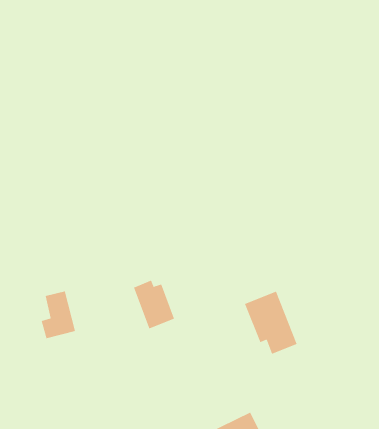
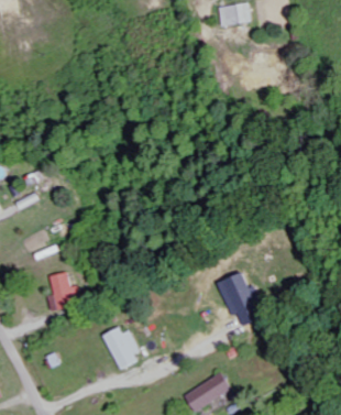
building: [133,280,175,329] -> [105,328,140,370]

